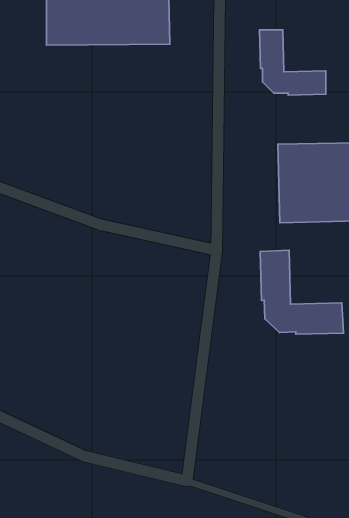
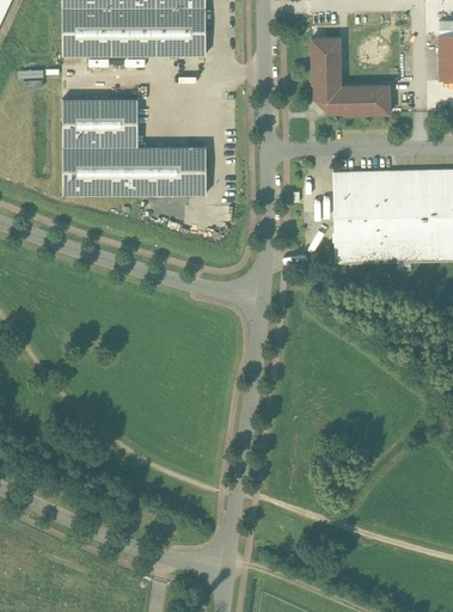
building: none -> [62,99,206,195]
building: [260,250,344,334] -> none

